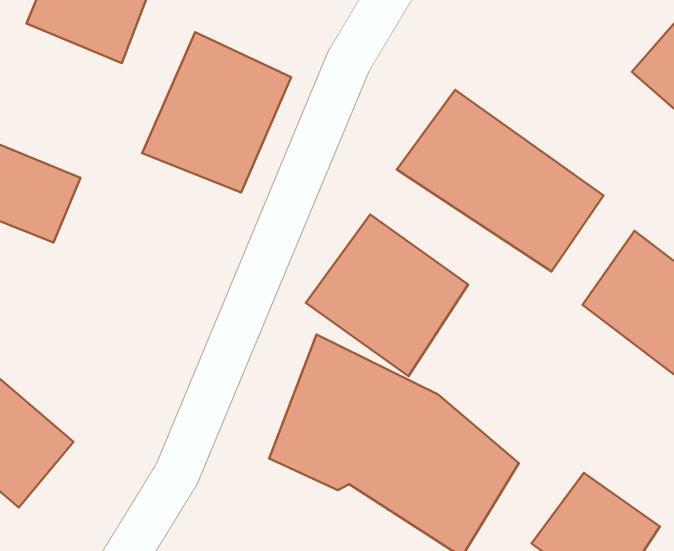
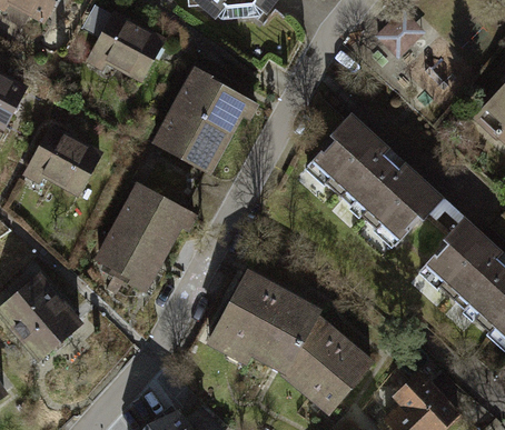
building: [306,215,468,376] -> none
building: none -> [92,183,190,293]

